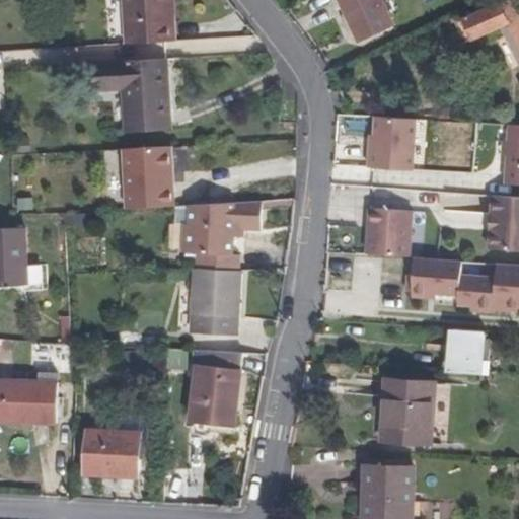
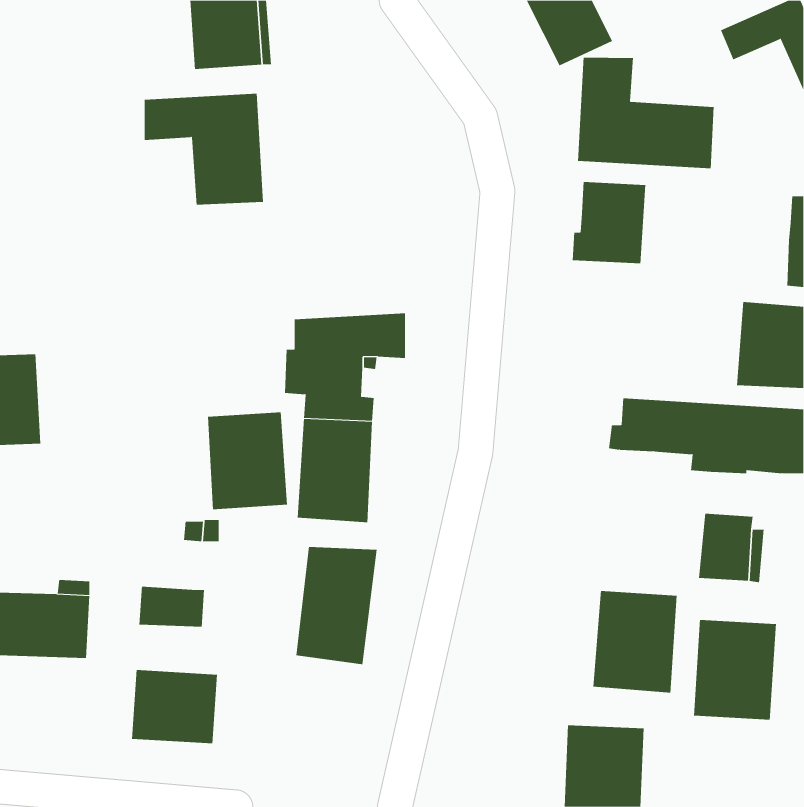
building: none -> [577,57,714,169]
building: [121,146,172,209] -> [207,412,288,510]
building: [351,208,396,255] -> none
building: none -> [139,586,205,628]
building: none -> [693,619,776,720]

